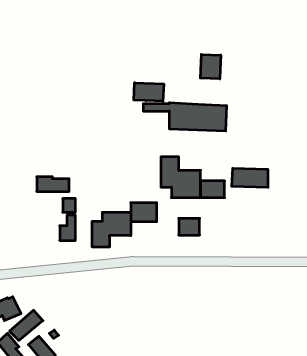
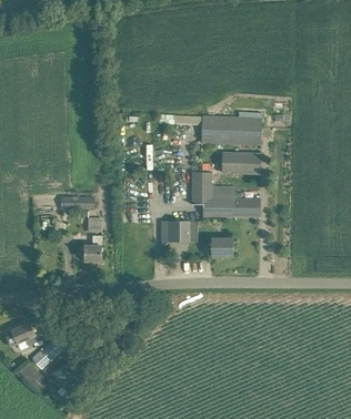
building: [200,54,221,79] -> none
building: [134,83,164,101] -> none
building: [232,168,268,187] -> [221,153,260,173]
building: [92,212,131,247] -> none

